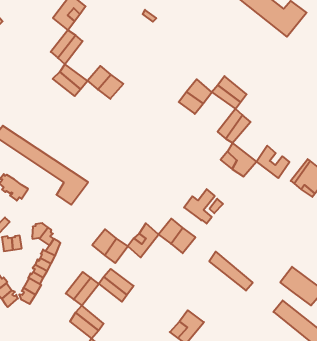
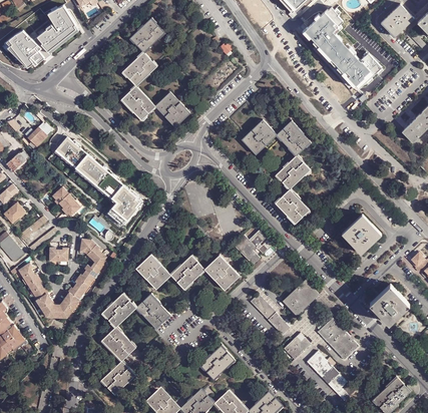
building: [256,146,289,178] -> none
building: none -> [283,281,318,315]
building: none -> [284,332,312,359]

